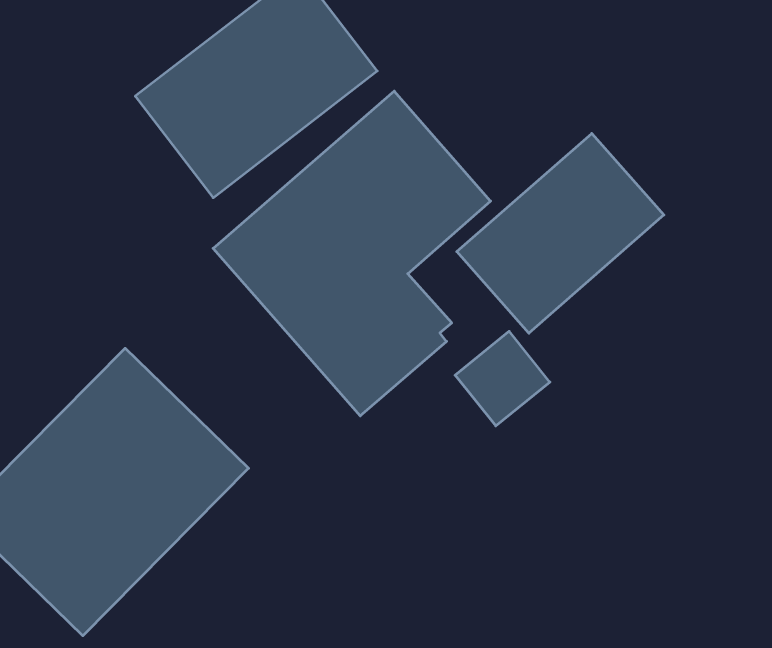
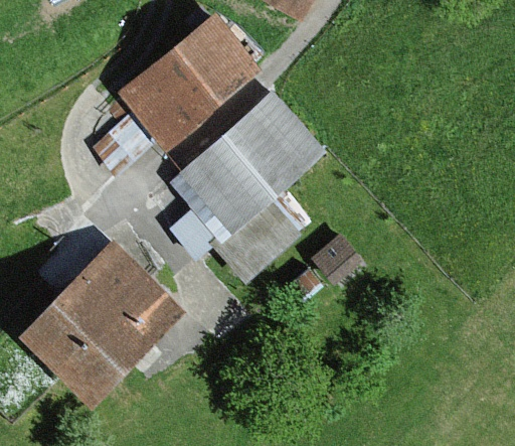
building: [457,133,664,333] -> none

